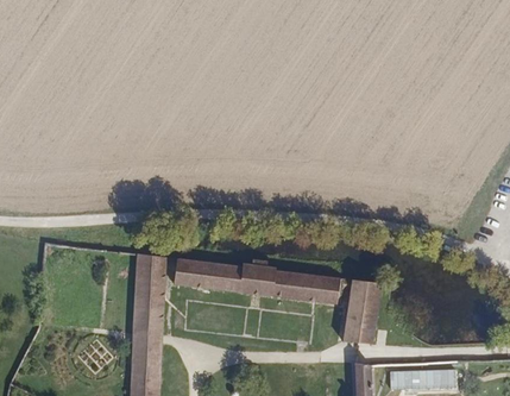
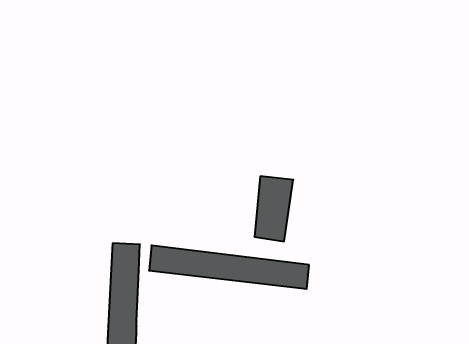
building: [344,281,384,348] -> [254,176,293,241]

